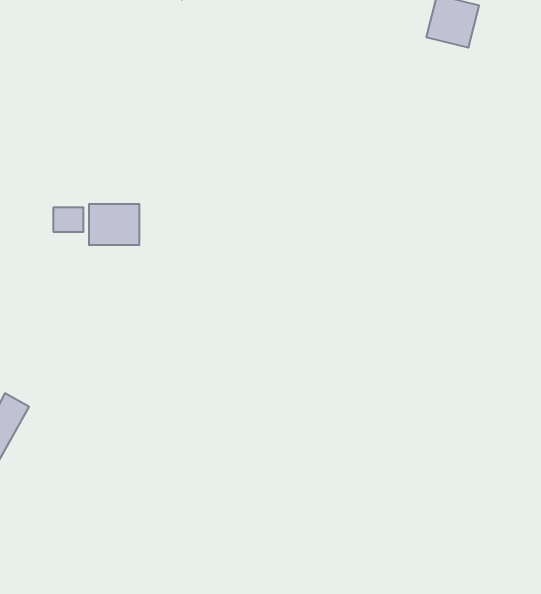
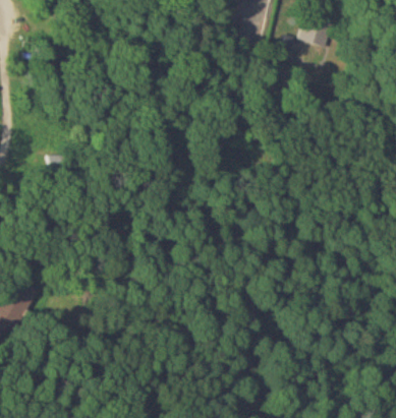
building: [89,204,139,245] -> none

